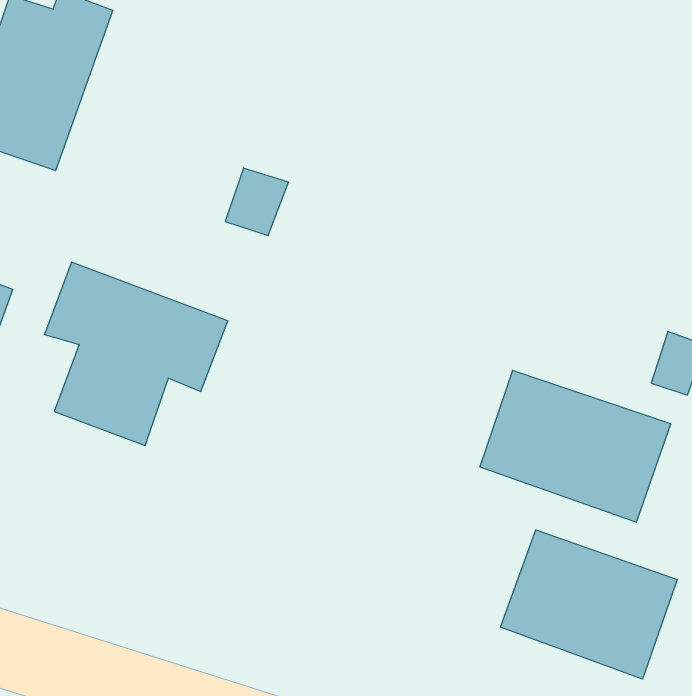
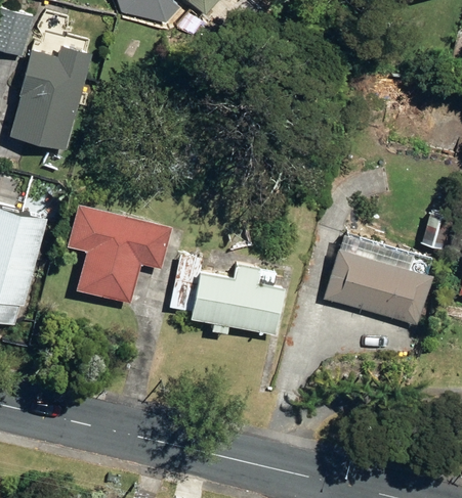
building: none -> [191,261,286,335]
building: [501,530,677,679] -> none

